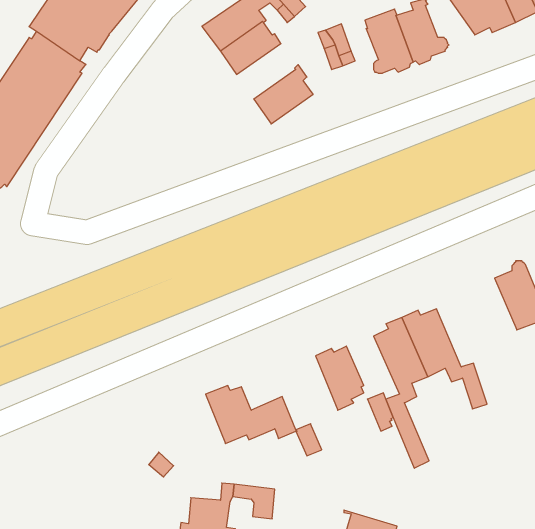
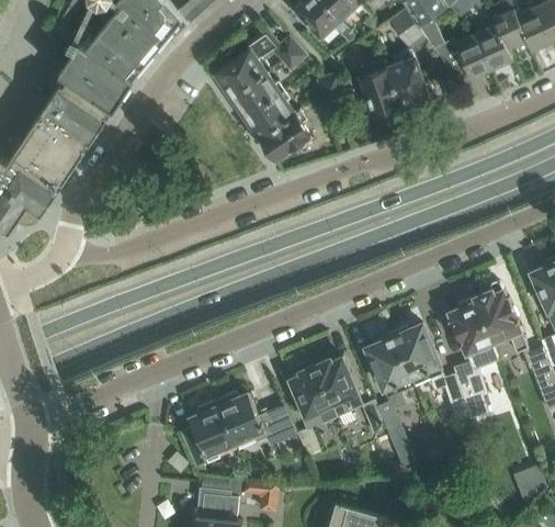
building: none -> [245,89,297,138]
building: none -> [449,298,494,418]
building: none -> [290,367,335,421]
building: none -> [181,401,235,467]

